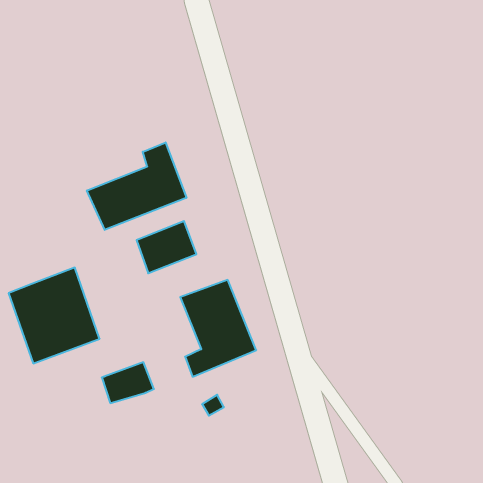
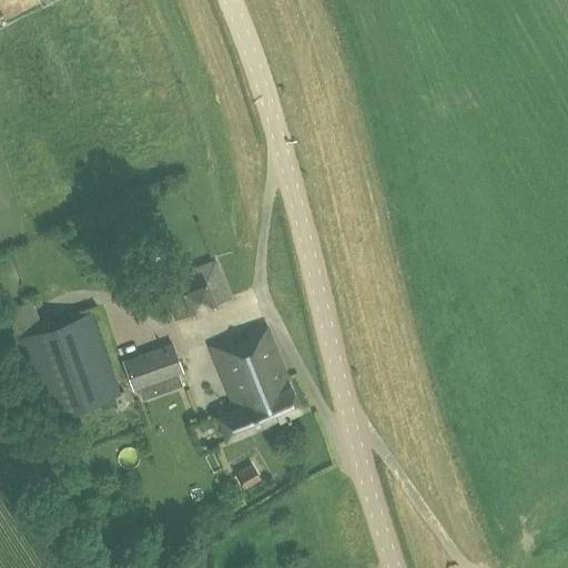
building: [87,142,186,230] -> none
building: [102,362,154,403] -> [124,345,185,393]

